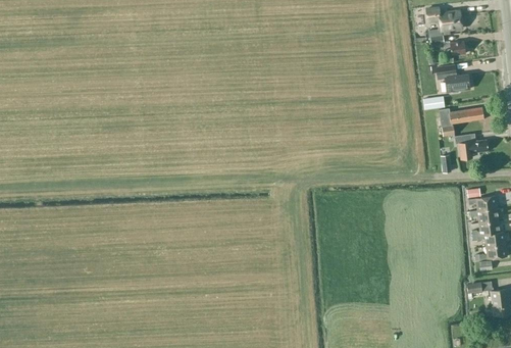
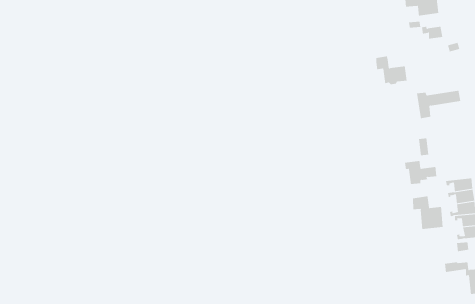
building: [438,63,470,93] -> [376,56,408,85]
building: [455,134,489,158] -> [404,161,437,184]
building: none -> [412,196,443,230]

